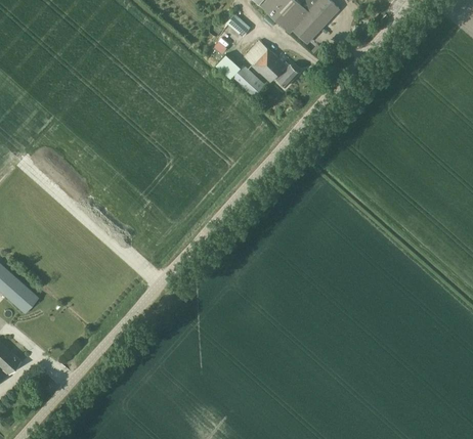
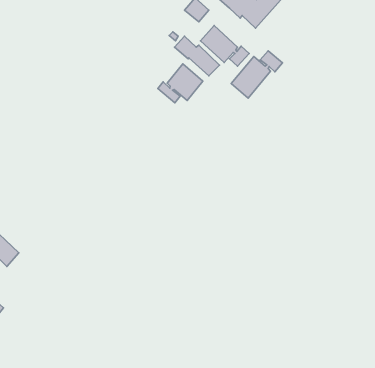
building: none -> [231,51,283,98]
building: none -> [158,64,203,103]

